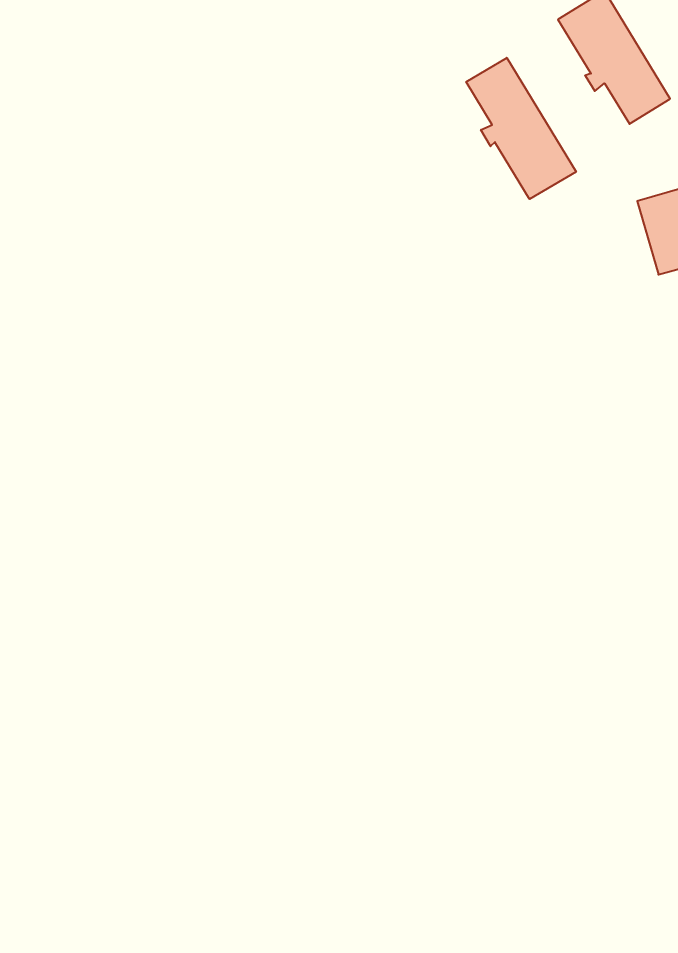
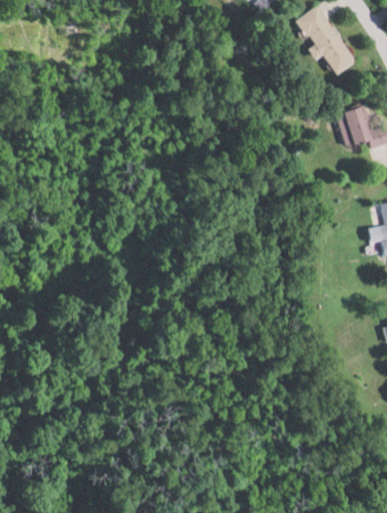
building: [466,58,576,199] -> none

